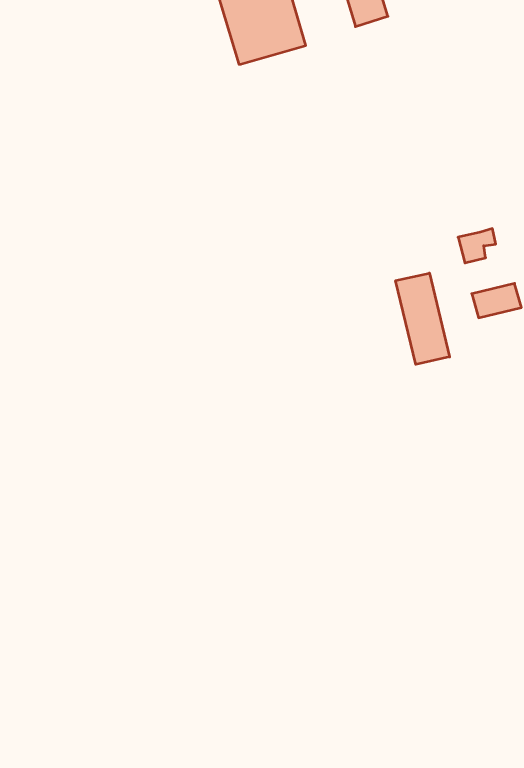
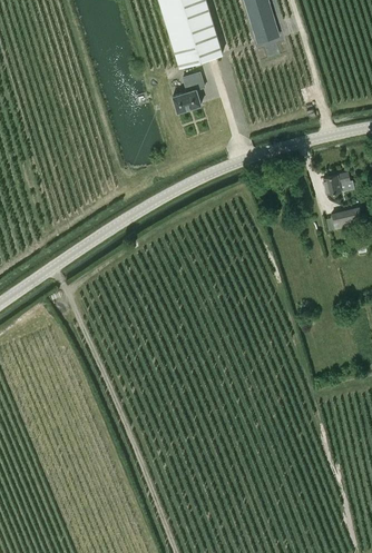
building: none -> [173,71,204,111]
building: [396,273,450,364] -> none

